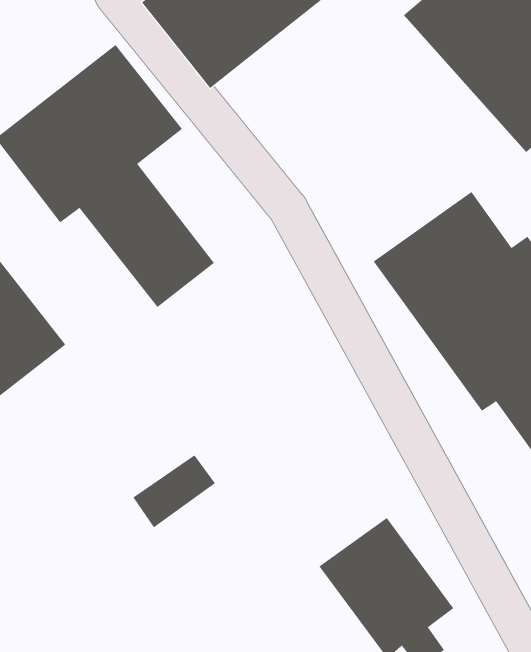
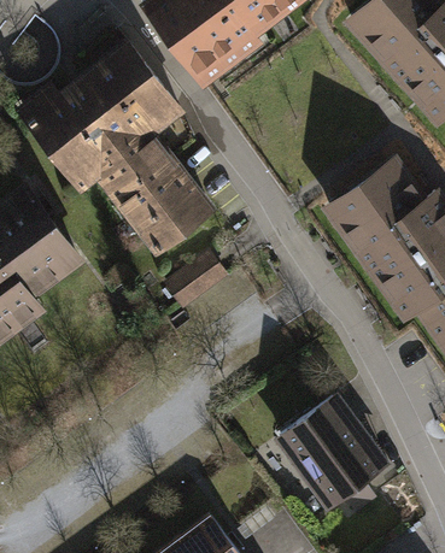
building: [133,455,216,528] -> [171,252,234,307]

